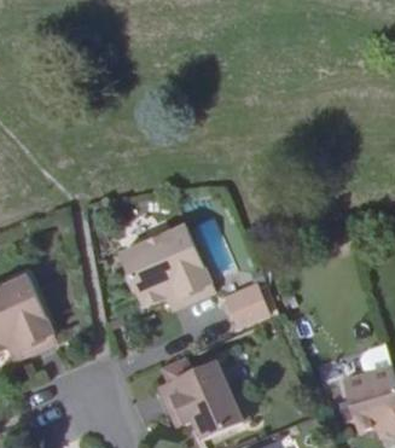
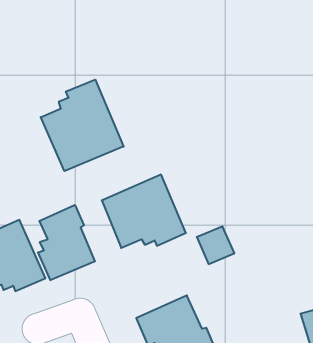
building: none -> [41,80,124,171]
building: none -> [38,205,95,280]

